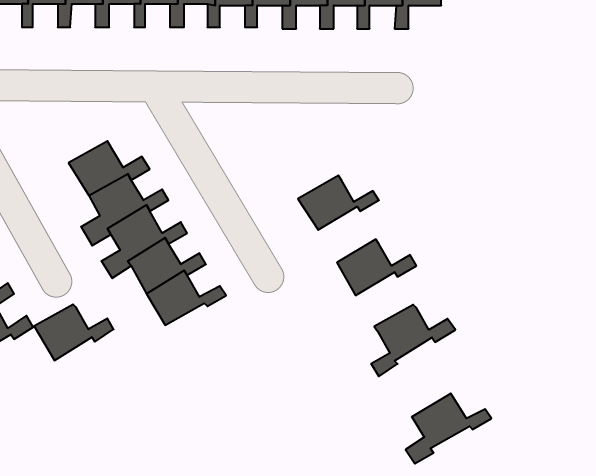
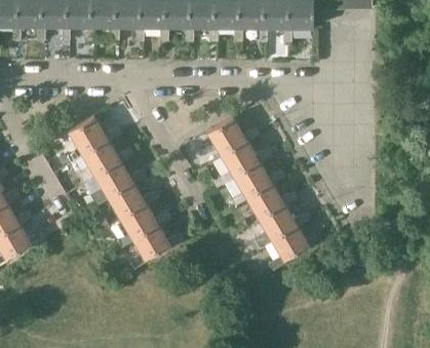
building: none -> [206,118,259,155]
building: none -> [232,160,284,197]
building: [34,304,114,360] -> [131,224,184,261]
building: [406,393,491,464] -> [252,203,309,249]

